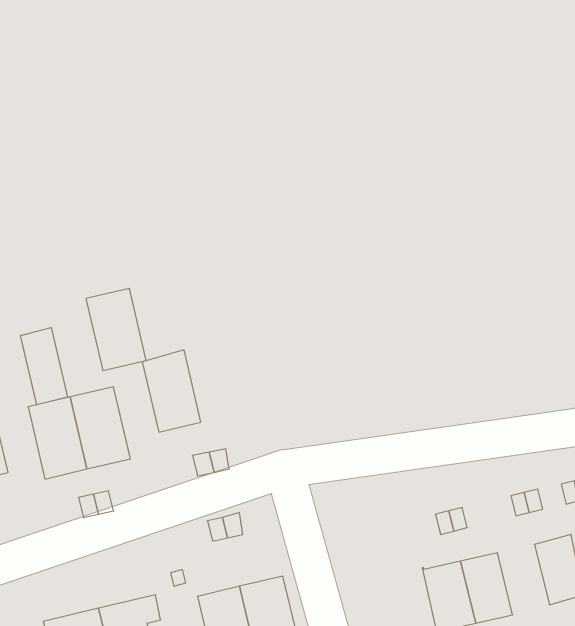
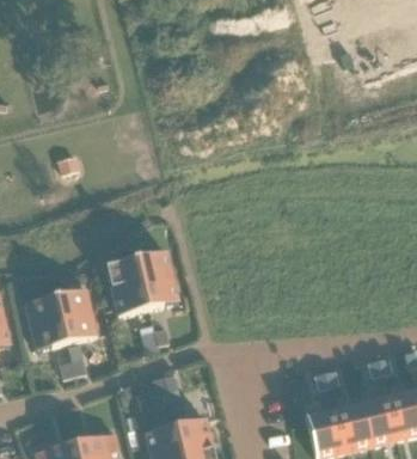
building: [86,288,146,371] -> [136,249,179,307]
building: [21,328,67,405] -> none
building: none -> [360,394,397,445]

